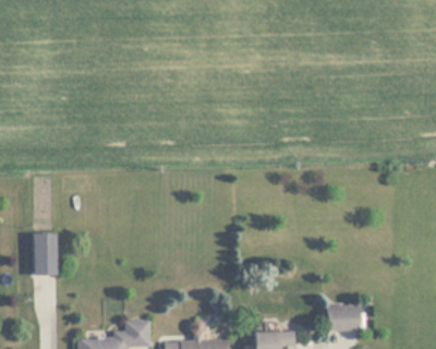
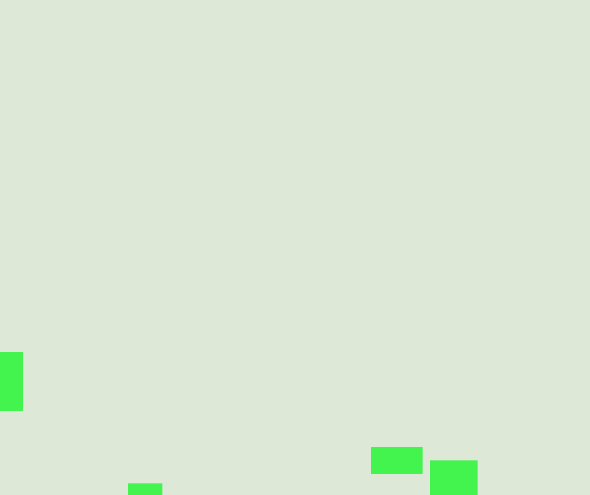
building: none -> [370,446,424,475]

